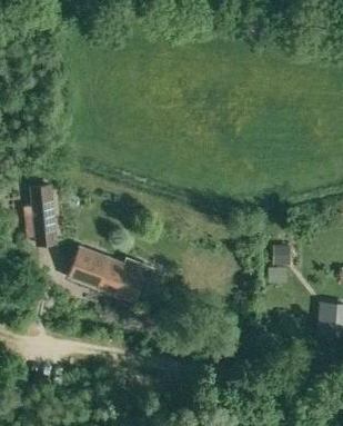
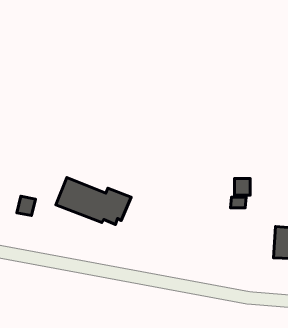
building: [28,182,49,240] -> none

